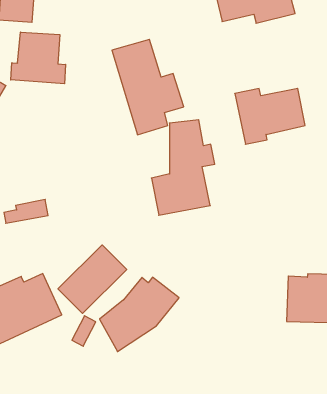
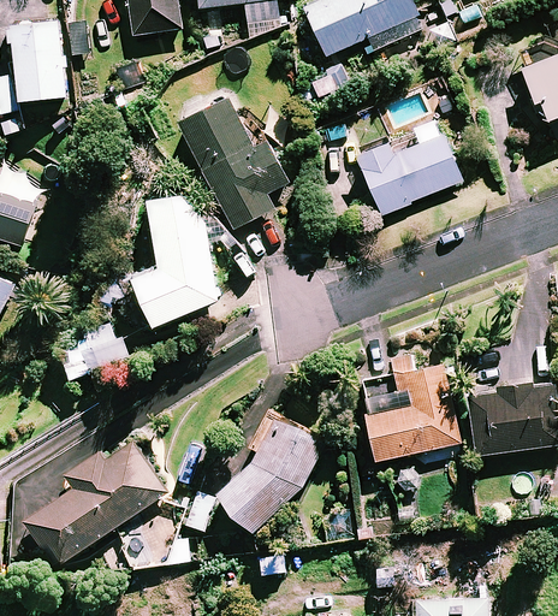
building: [11,32,66,84] -> none
building: [151,120,215,215] -> [133,186,220,326]
building: [58,245,127,313] -> none
building: none -> [367,362,458,460]

